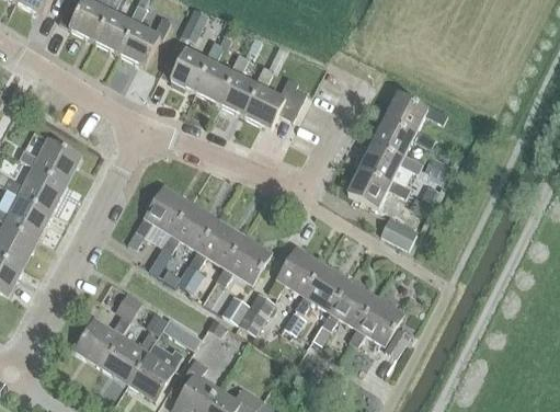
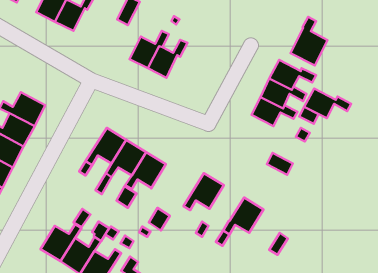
building: [118,16,170,67] -> none
building: none -> [290,17,328,65]
building: [170,41,222,92] -> none
building: [244,78,306,129] -> none
building: [346,168,410,208] -> [304,88,351,118]
building: [215,234,271,285] -> none
building: [294,263,350,313] -> none
building: [237,291,274,335] -> none
building: [347,296,403,346] -> none

